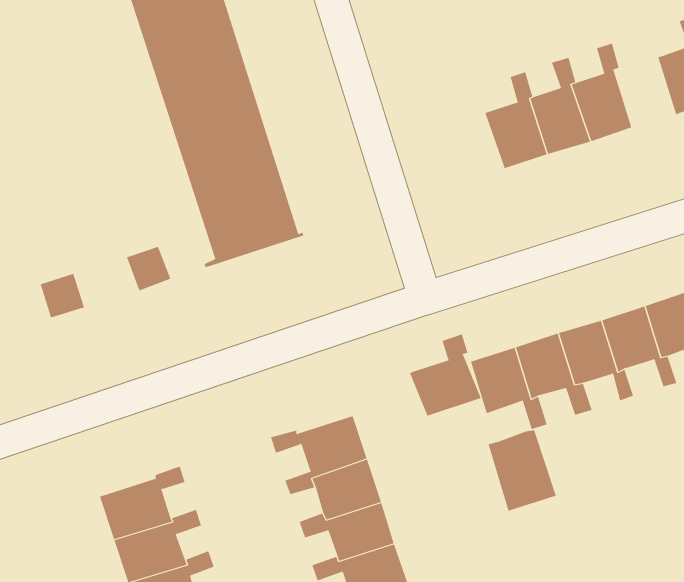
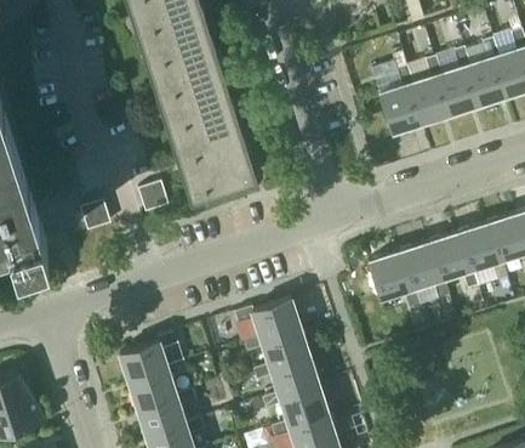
building: none -> [464,40,506,106]
building: [409,334,482,417] -> none
building: [488,429,557,512] -> none

